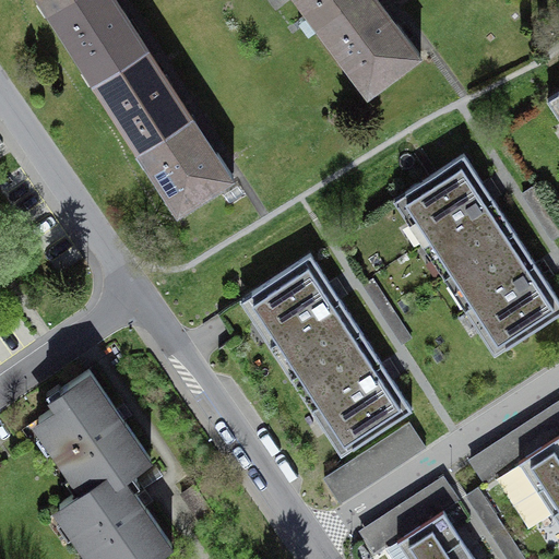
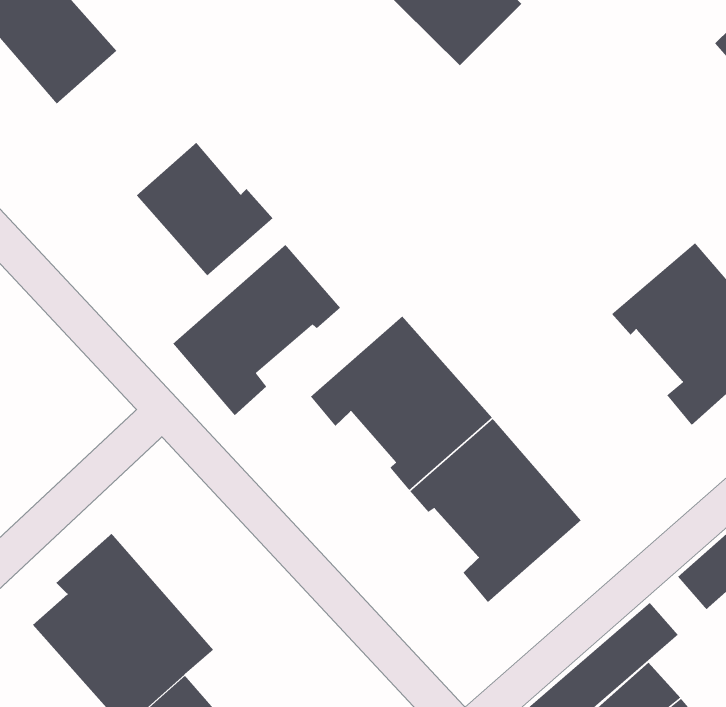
building: [95,50,186,150] -> none
building: [391,156,512,274] -> none
building: none -> [172,244,341,416]
building: [317,420,429,508] -> none

